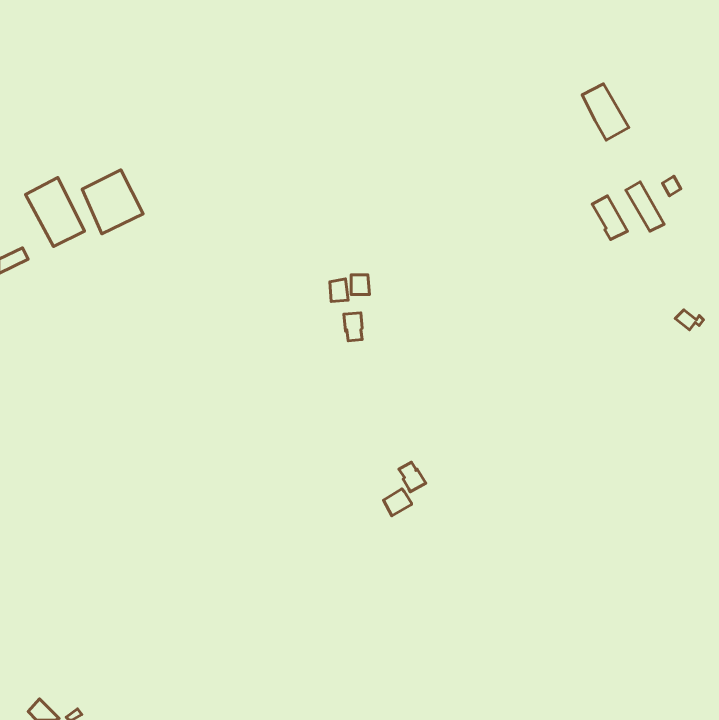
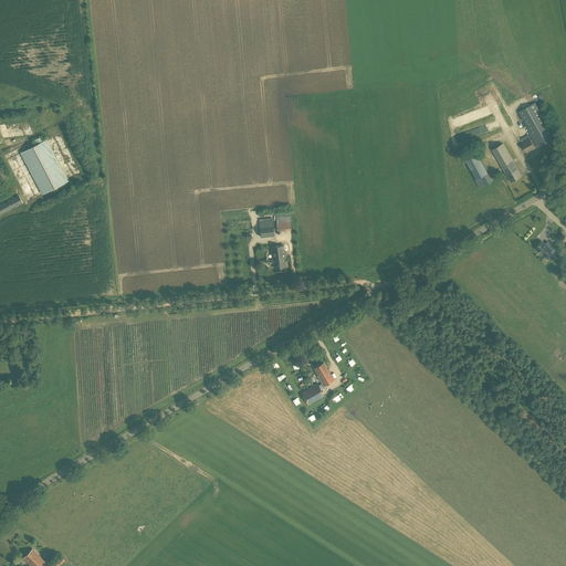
building: [582,84,629,140] -> [517,103,554,147]
building: [82,170,143,234] -> none

